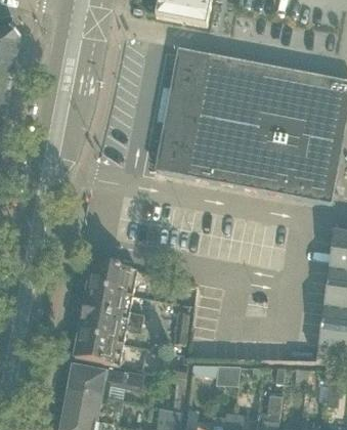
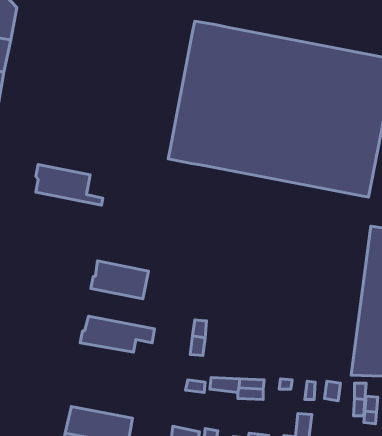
building: [82,284,141,319] -> [36,165,103,205]
building: [73,332,122,364] -> none
building: [67,363,142,398] -> none

